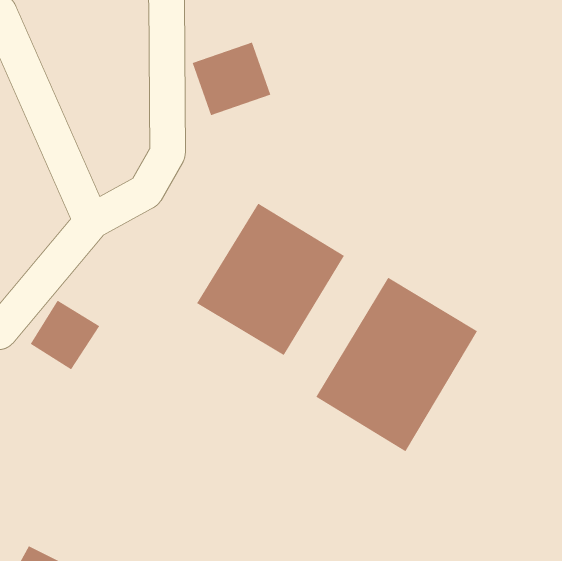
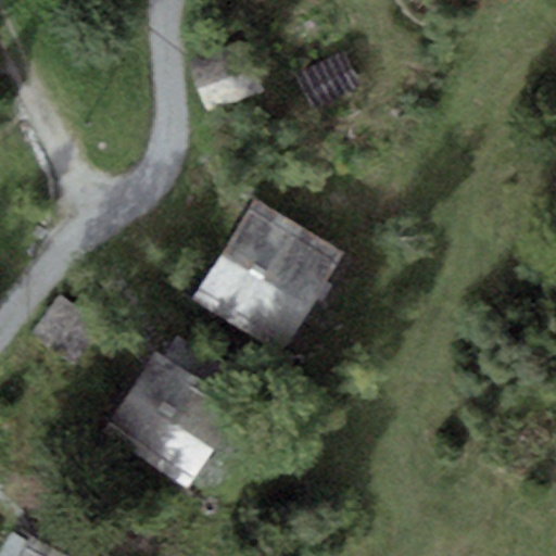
building: [315,277,478,452] -> none
building: none -> [103,355,235,484]

